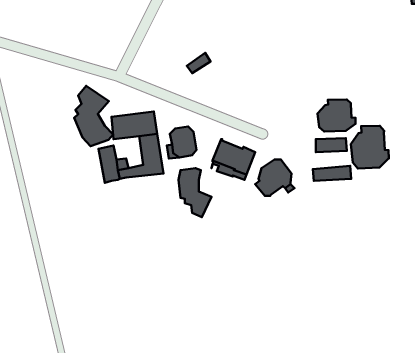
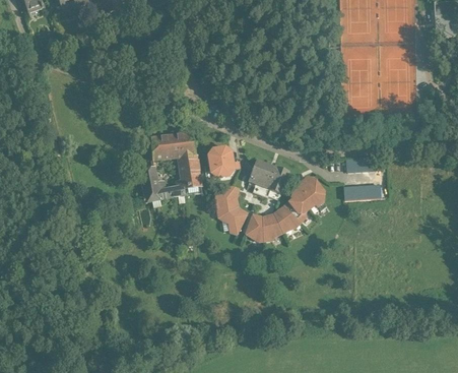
building: [74,86,113,146] -> none
building: [318,100,355,132] -> none
building: [351,126,389,168] -> none
building: none -> [245,200,306,239]

